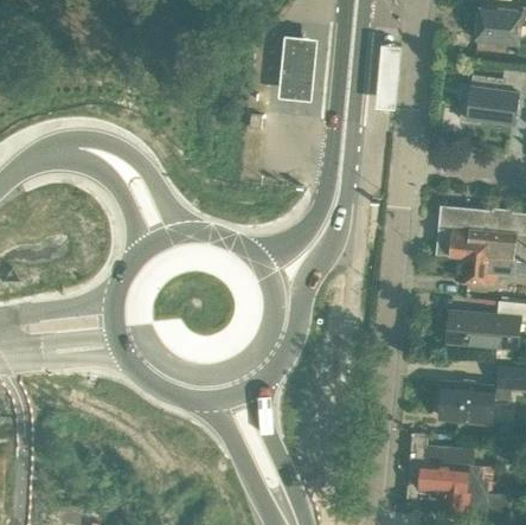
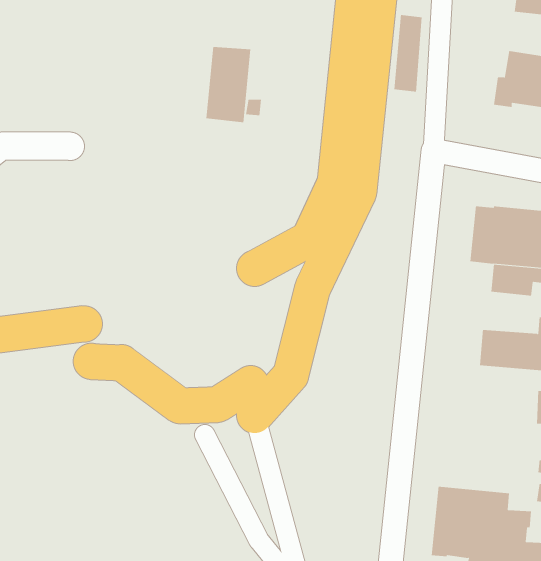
building: [277,37,316,102] -> [205,46,251,123]
building: [438,384,494,425] -> none

